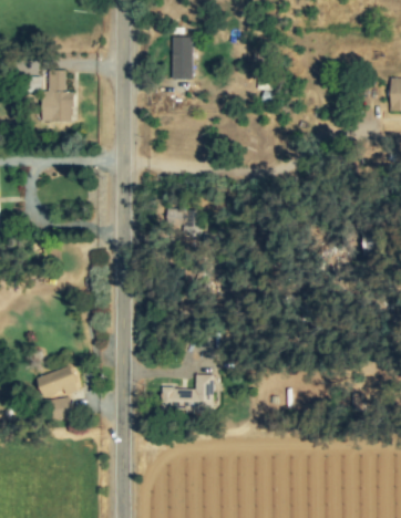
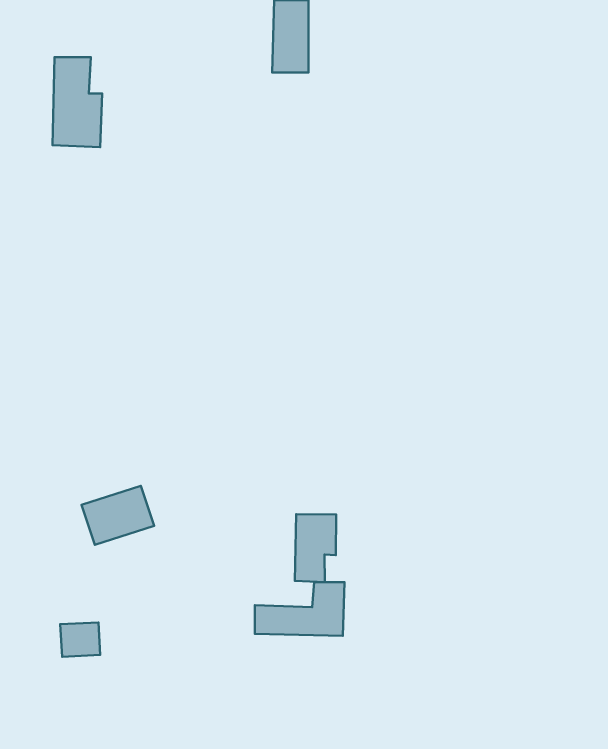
building: none -> [295,514,336,582]
building: [37,365,79,400] -> [82,486,154,545]

